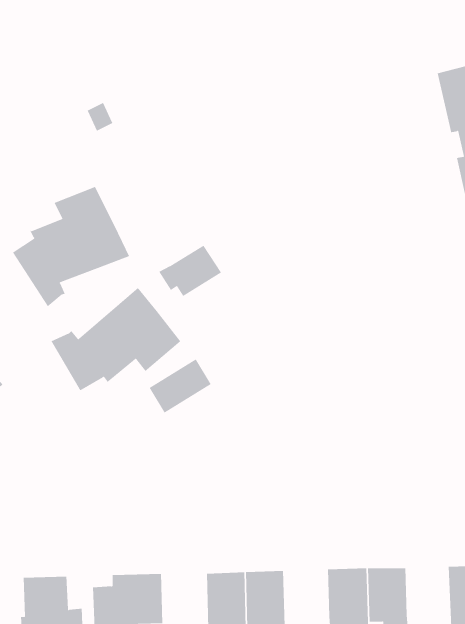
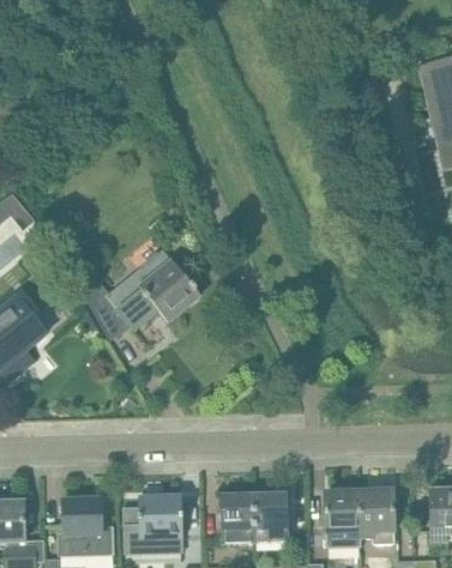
building: [12,186,130,307] -> none
building: [158,245,222,297] -> none
building: [149,358,211,413] -> none

